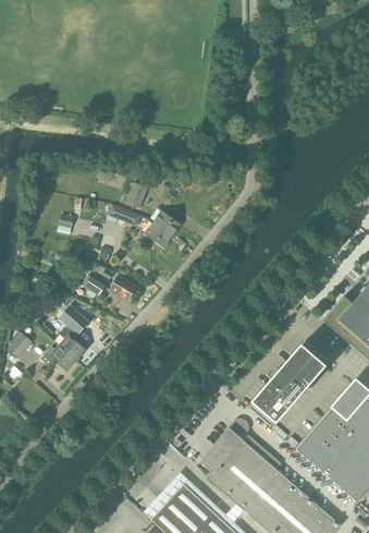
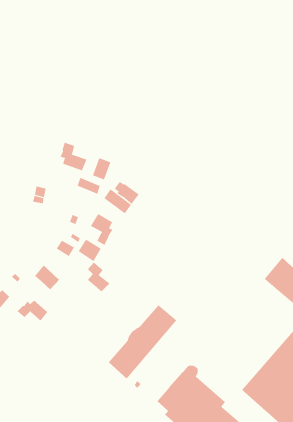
building: none -> [60,142,87,171]
building: none -> [90,213,113,246]
building: [61,324,87,359] -> [87,262,110,292]
building: [249,340,329,426] -> [108,304,177,379]

